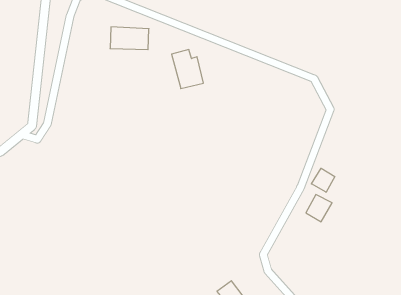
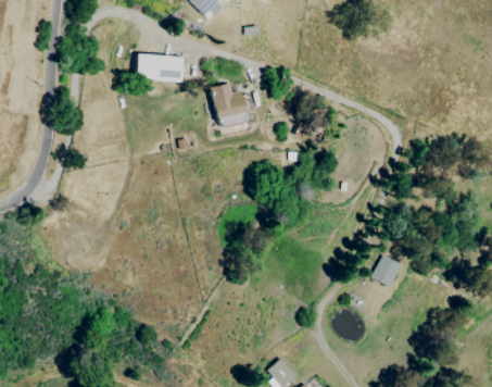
building: [311,168,335,192] -> none

